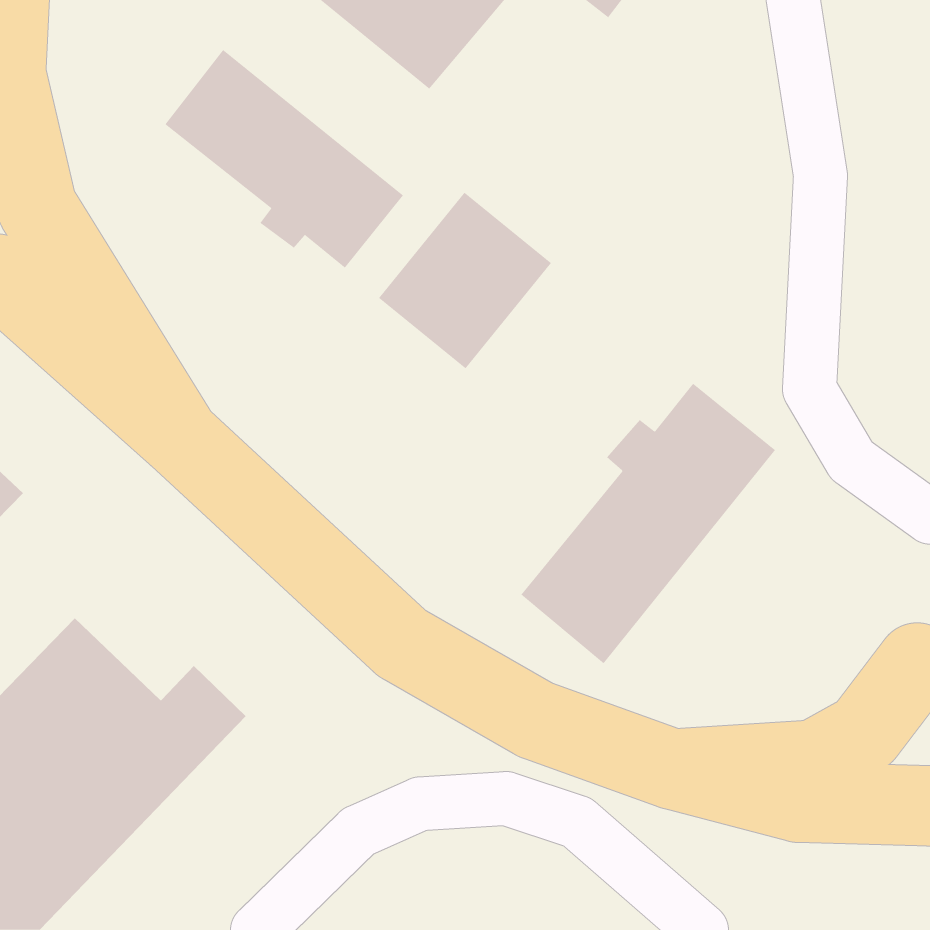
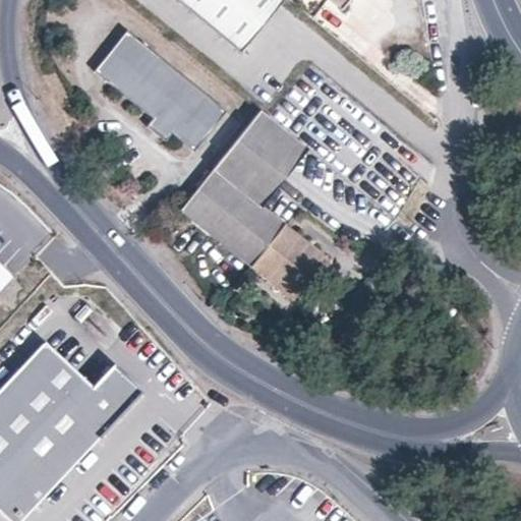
building: none -> [177,166,324,299]
building: [521,383,776,664] -> none

